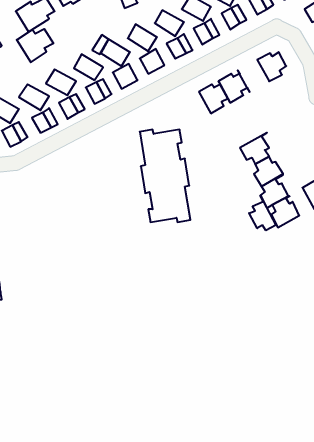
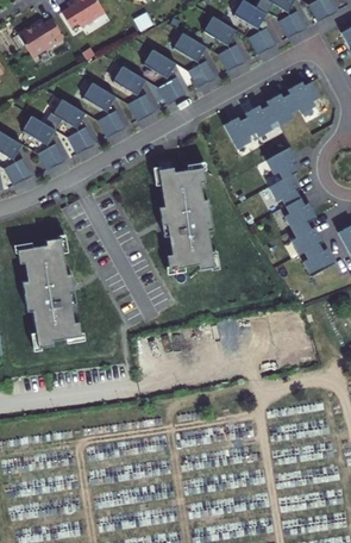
building: [17,29,53,62] -> none
building: none -> [264,88,299,124]
building: none -> [264,145,296,186]
building: none -> [15,237,82,348]
building: [249,196,276,230] -> none

